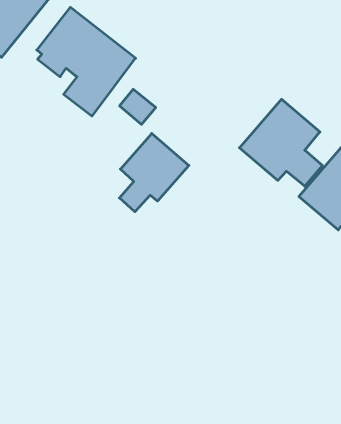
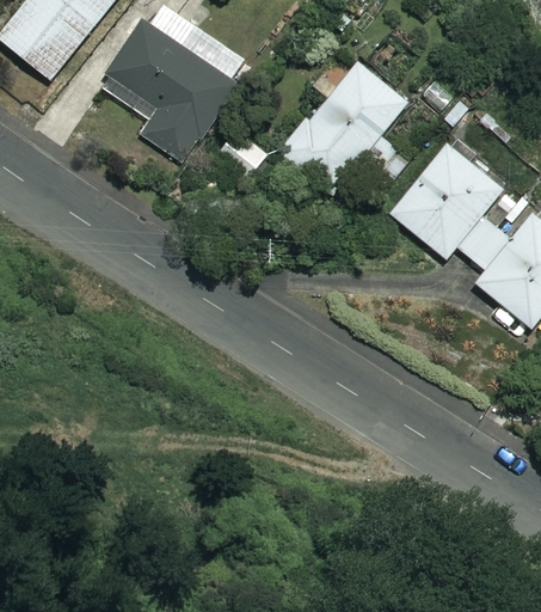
building: none -> [272,54,416,200]
building: [119,133,189,212] -> none

